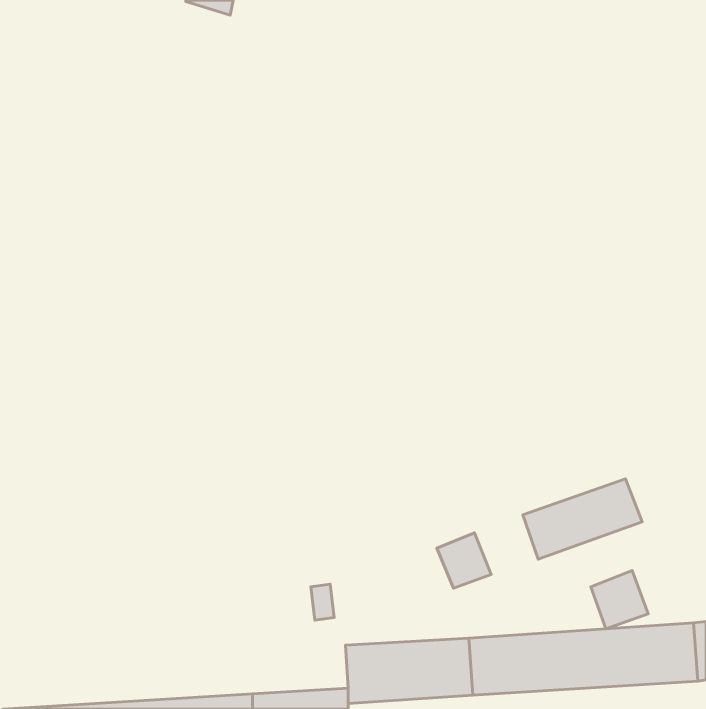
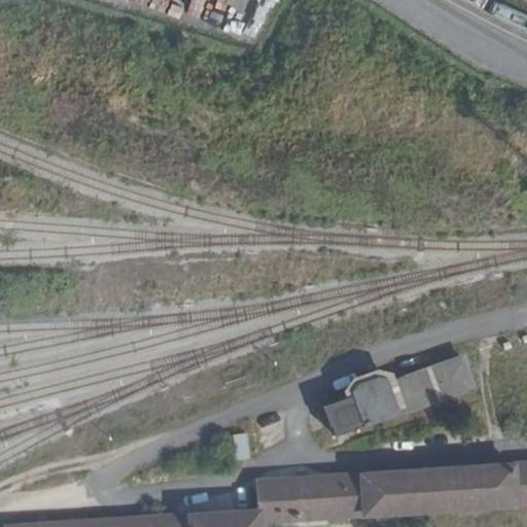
building: none -> [352,377,399,426]
building: [591,571,648,629] -> none

